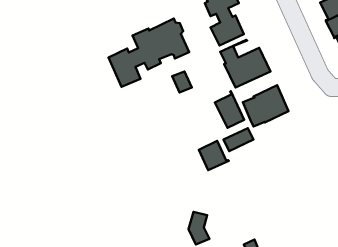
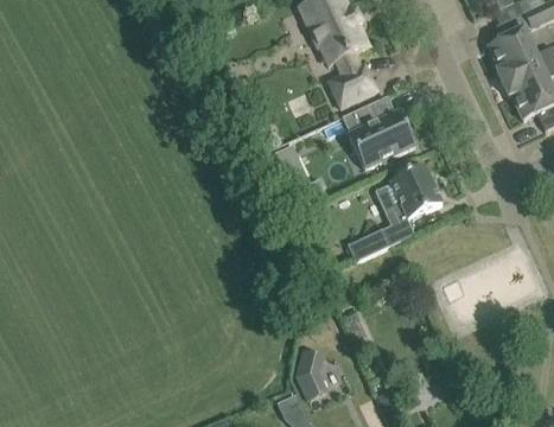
building: [108,19,189,87] -> none
building: [215,91,244,128] -> none
building: [199,141,229,170] -> none

